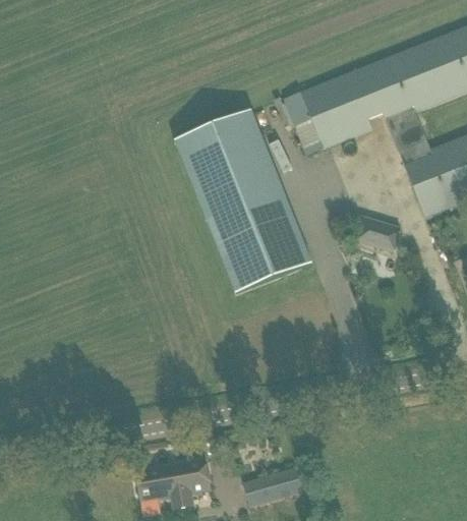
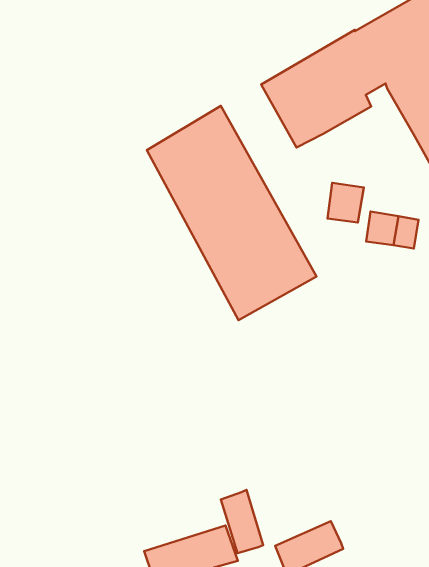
building: none -> [328,183,364,223]
building: none -> [221,490,263,553]

